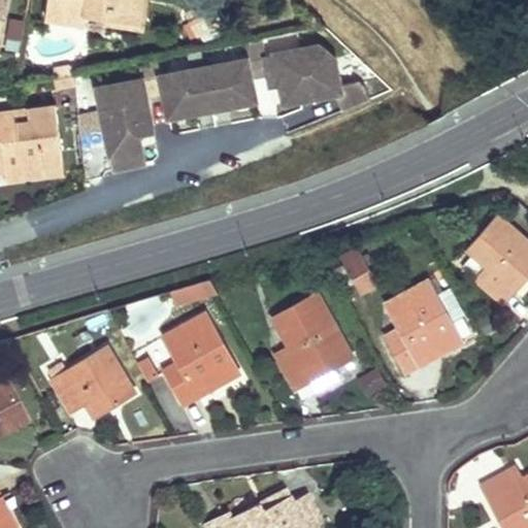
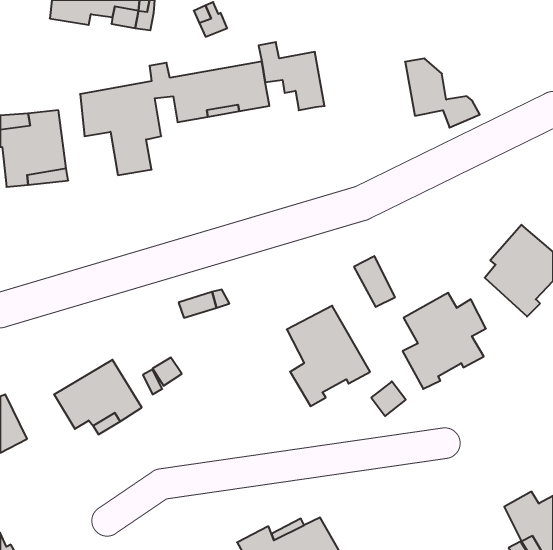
building: [300,48,371,114] -> [405,58,480,128]
building: [163,314,239,405] -> none

